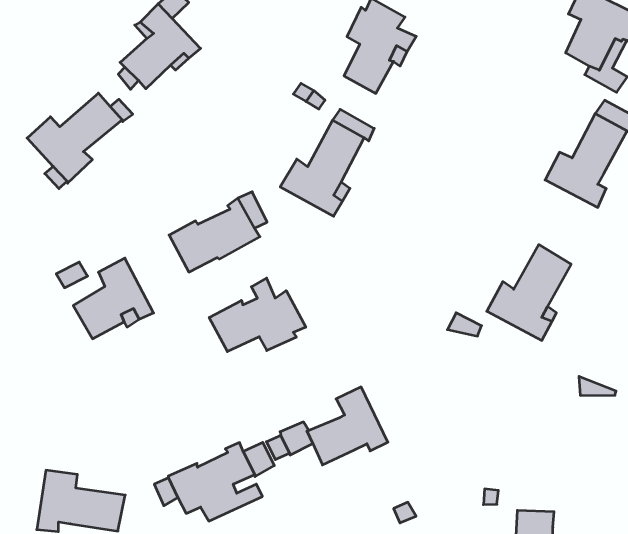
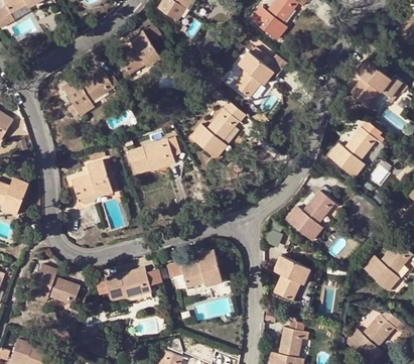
building: [209,278,306,352] -> none
building: none -> [274,256,310,299]

